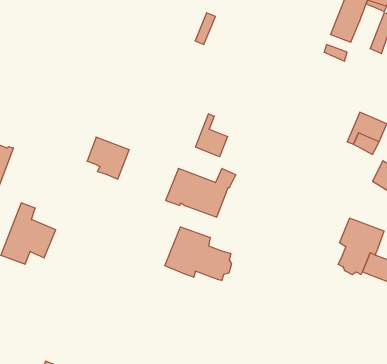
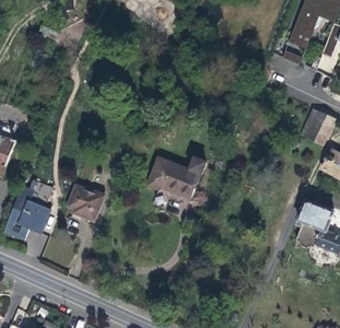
building: [195,114,228,157] -> none
building: [87,137,129,179] -> [68,185,104,221]
building: [165,227,231,281] -> none

